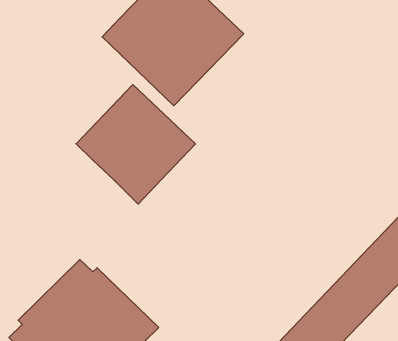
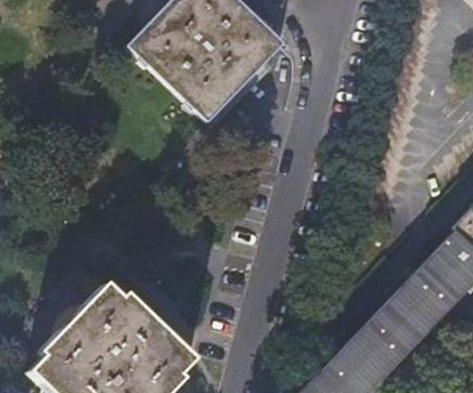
building: [76,85,196,204] -> none

